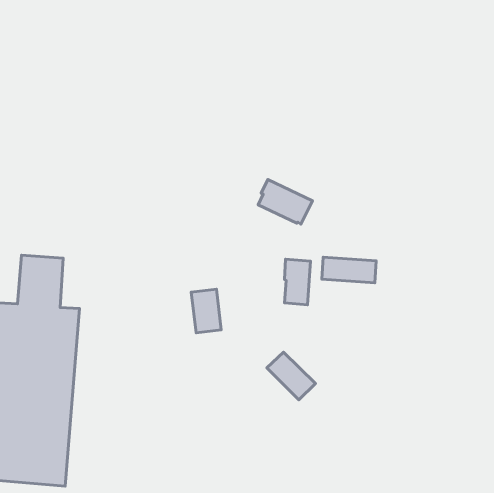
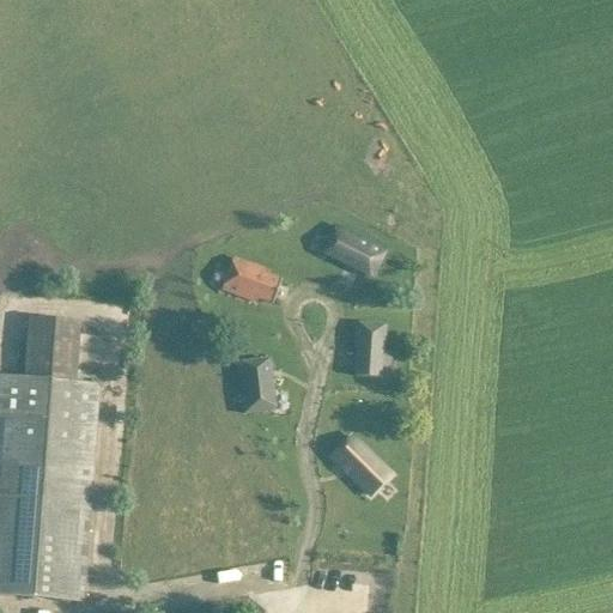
building: none -> [219,256,279,301]
building: [322,257,376,283] -> none

